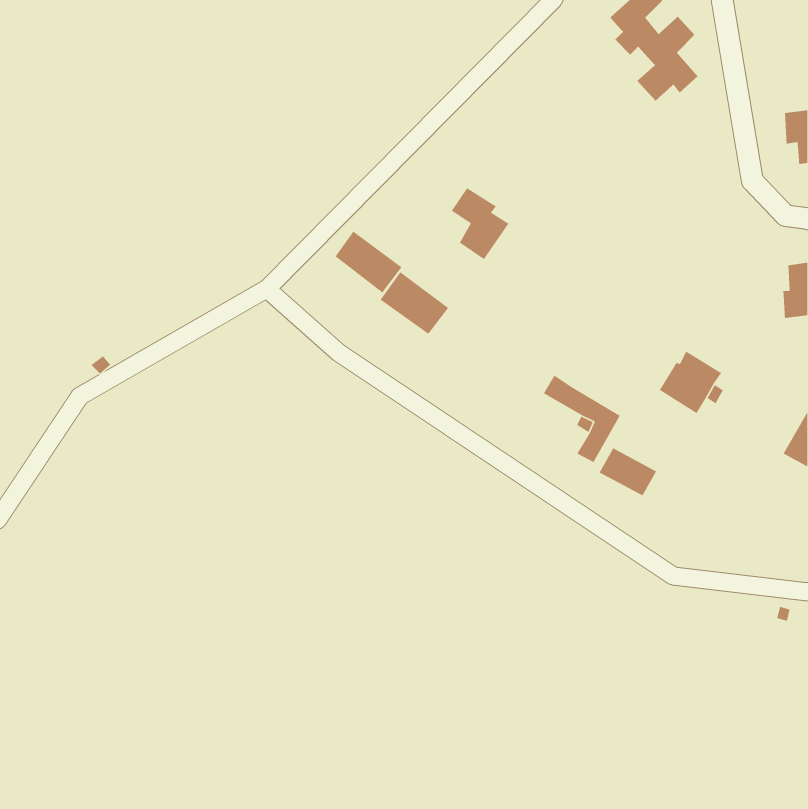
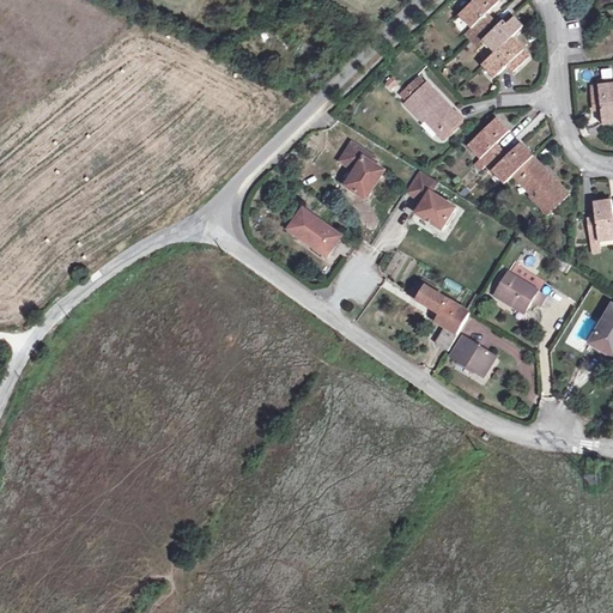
building: none -> [401,77,462,138]
building: none -> [468,119,569,214]
building: none -> [406,174,455,229]
building: [334,230,403,294] -> none

